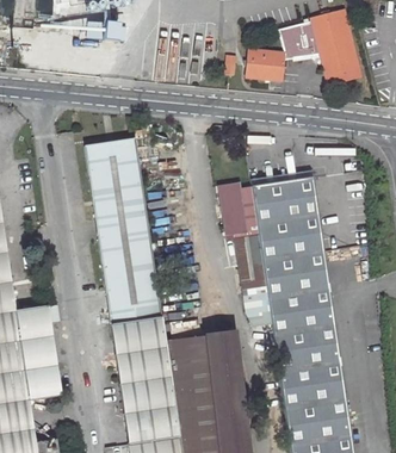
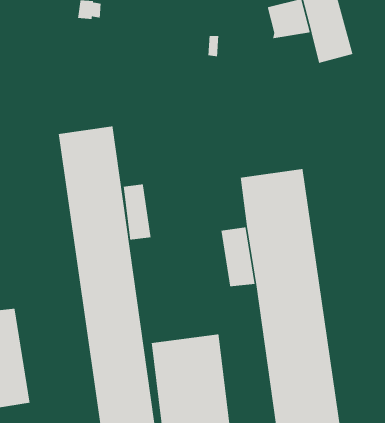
building: [246,49,285,79] -> none
building: [222,180,248,232] -> [123,184,151,240]

